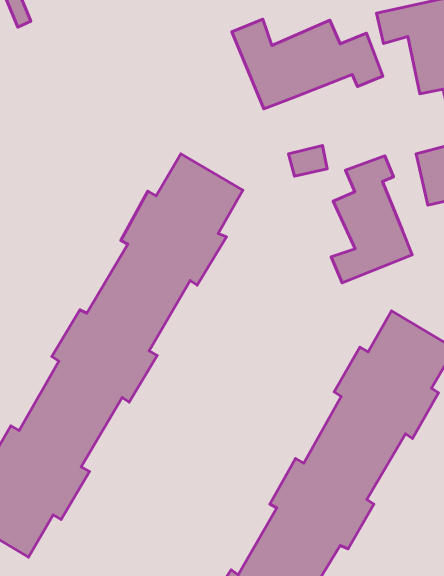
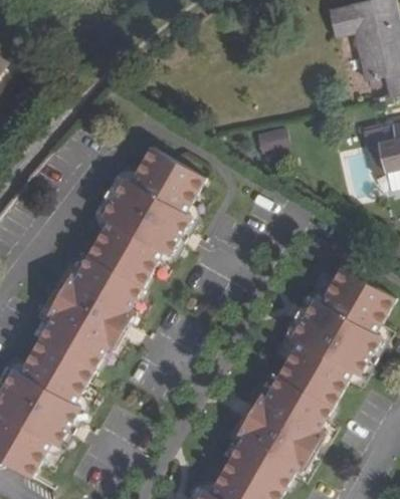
building: [232,19,383,109] -> none
building: [331,156,412,283] -> none

